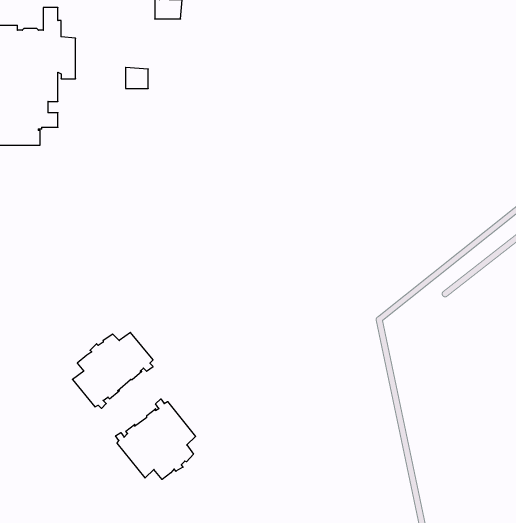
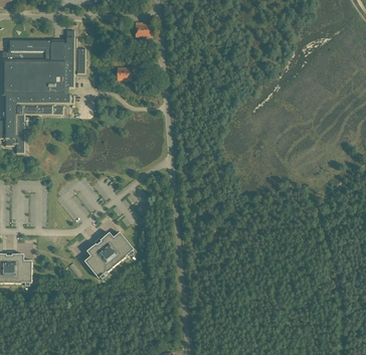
building: [116,399,196,479] -> none

